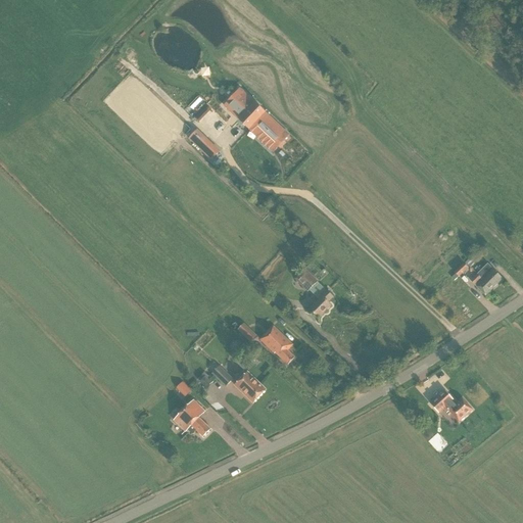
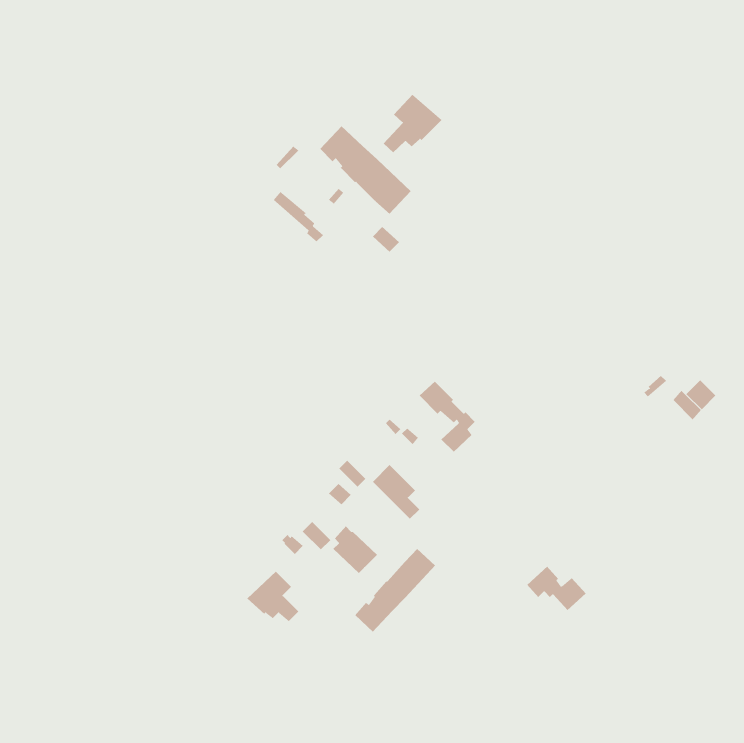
building: none -> [383,94,442,153]
building: none -> [354,548,436,633]
building: [430,389,472,421] -> [527,566,586,611]

